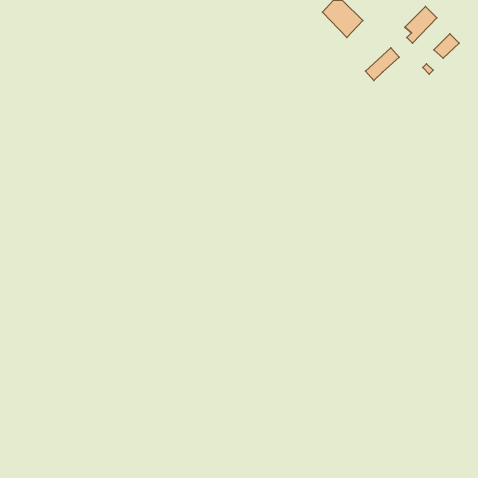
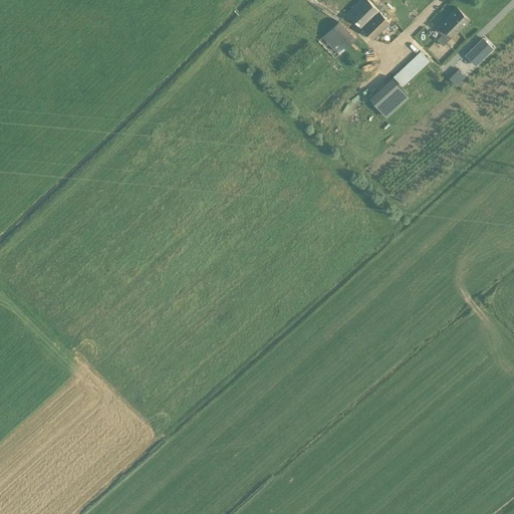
building: none -> [317,20,355,58]
building: none -> [368,79,407,116]

